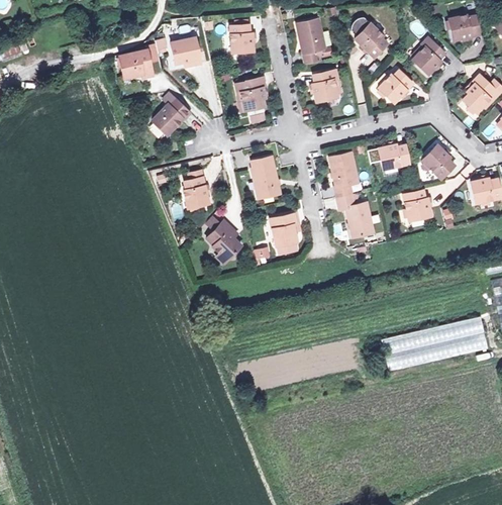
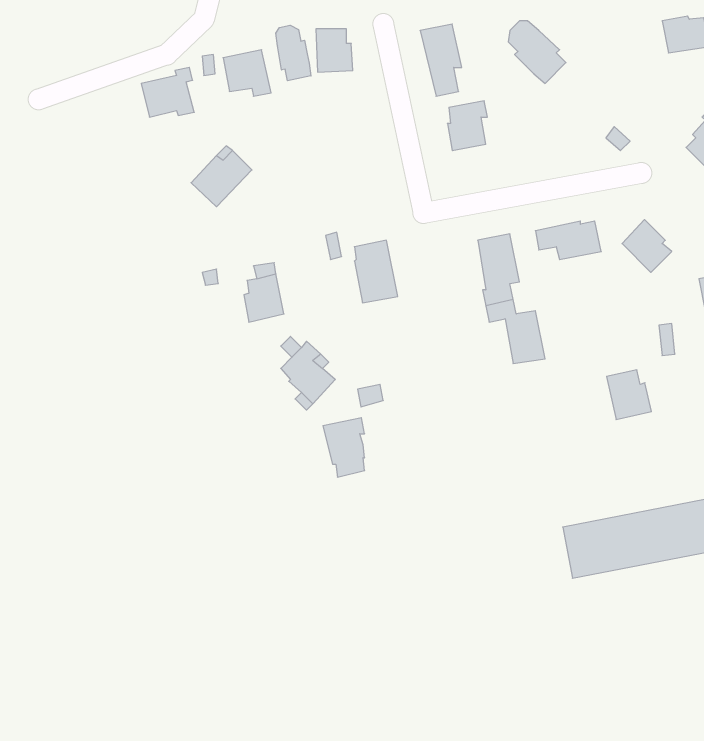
building: none -> [276,25,311,81]
building: [412,36,443,72] -> none
building: [378,69,411,100] -> none
building: [234,78,265,110] -> none
building: [403,188,431,219] -> [607,370,651,420]
building: [272,214,298,251] -> [323,418,365,477]

